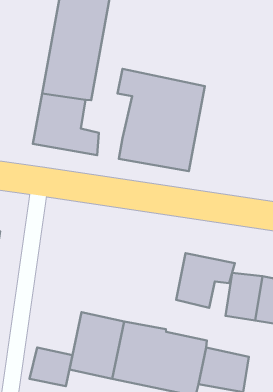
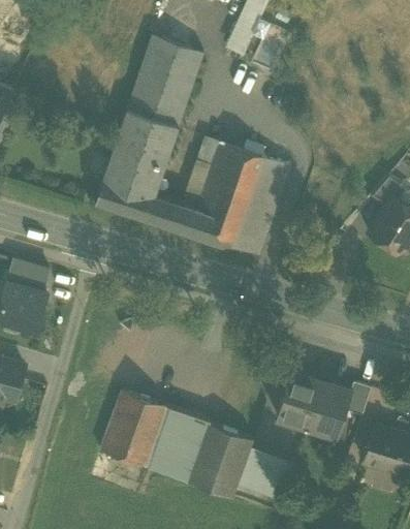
building: none -> [162,201,192,232]
building: [176,253,235,308] -> none
building: [30,348,72,386] -> none

